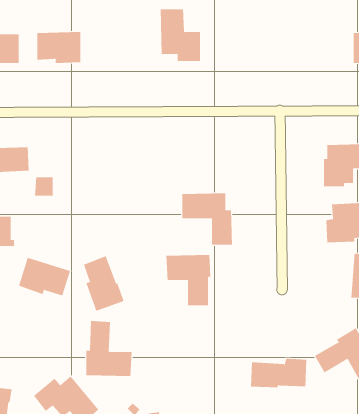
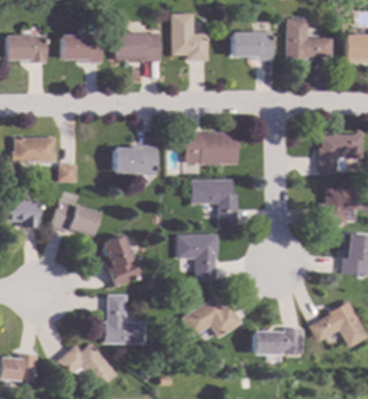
building: none -> [287,20,332,60]
building: none -> [115,32,159,61]
building: none -> [232,33,272,60]
building: none -> [184,133,237,165]
building: none -> [112,144,157,175]
building: [18,257,71,296] -> [51,201,99,235]
building: none -> [183,296,243,338]

